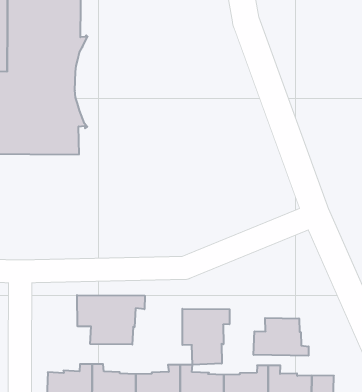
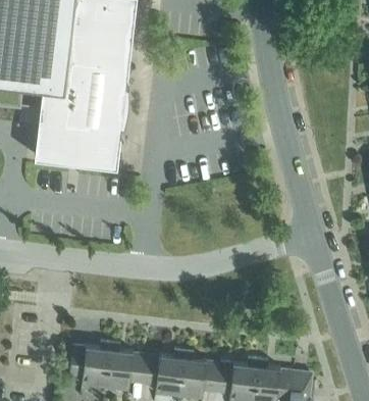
building: [77,295,145,345] -> none
building: [182,309,230,365] -> none
building: [254,318,309,356] -> none

